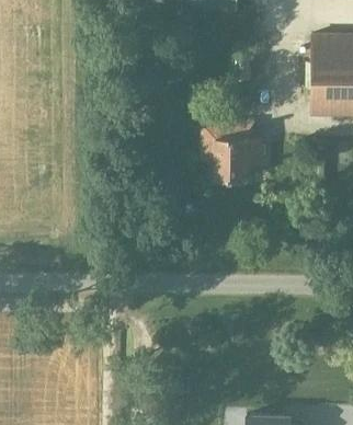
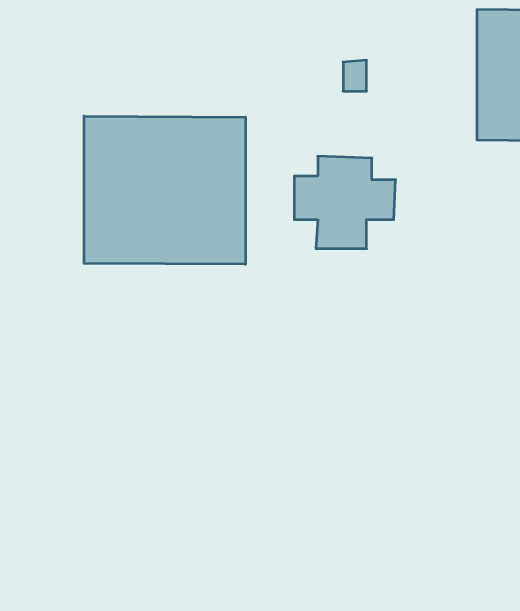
building: none -> [84,116,245,264]

